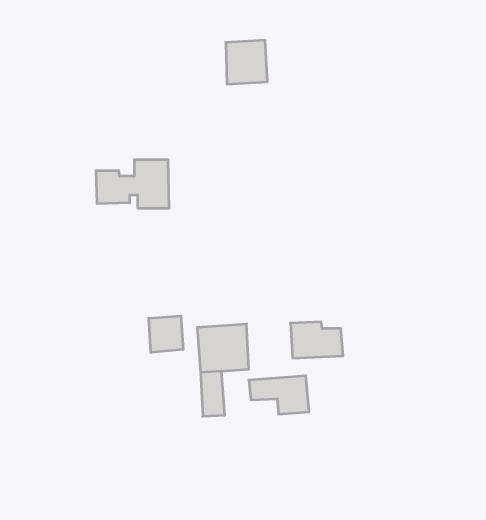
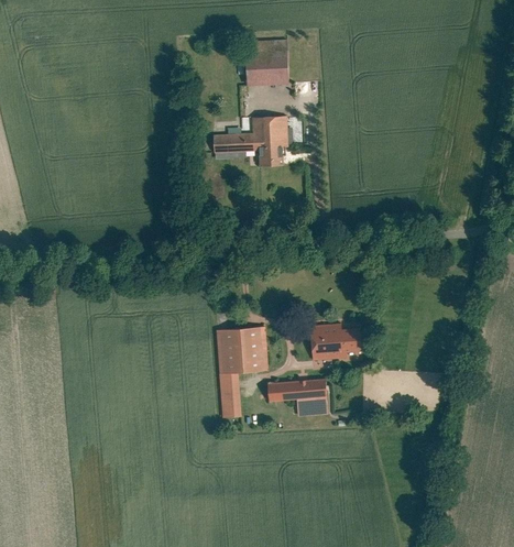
building: [96,160,169,208] -> [212,117,286,165]
building: [149,316,183,353] -> none

